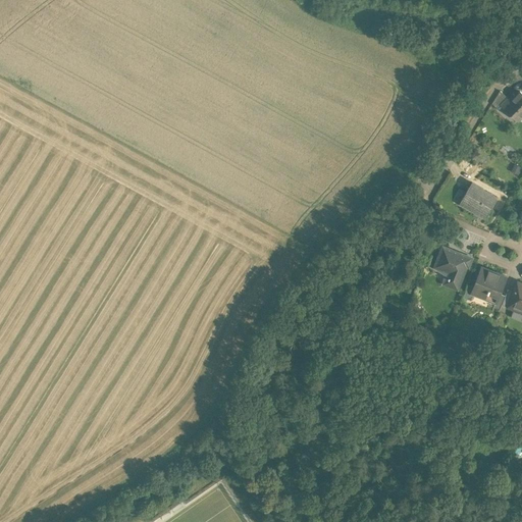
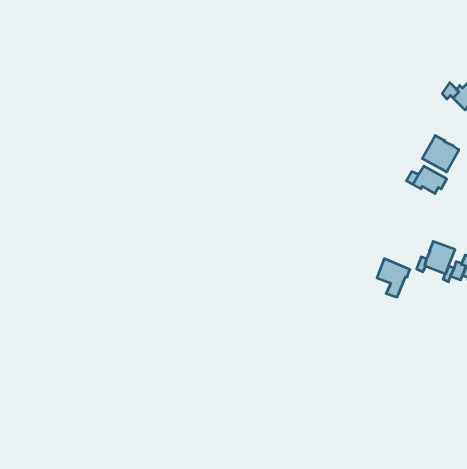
building: none -> [422,135,459,172]
building: [436,247,473,290] -> [377,259,410,297]

